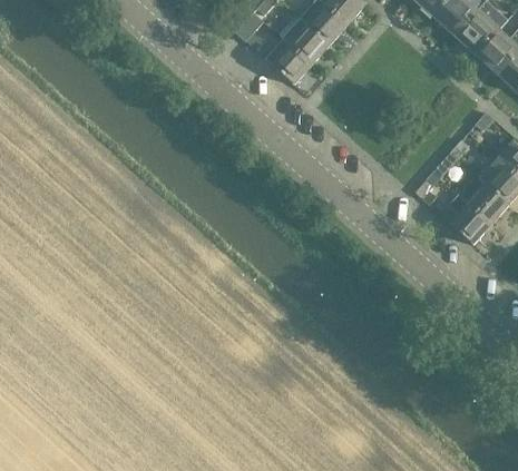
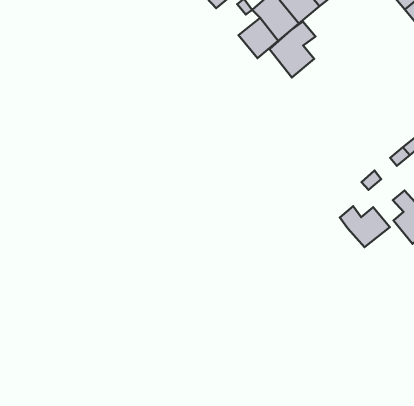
building: none -> [270,21,315,78]
building: none -> [340,206,390,247]

